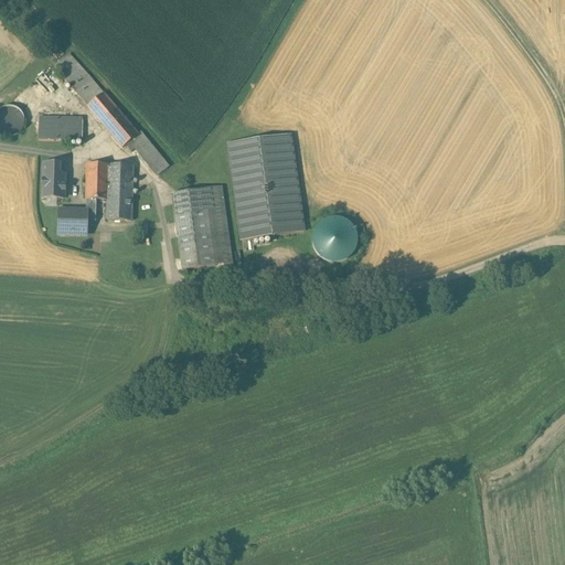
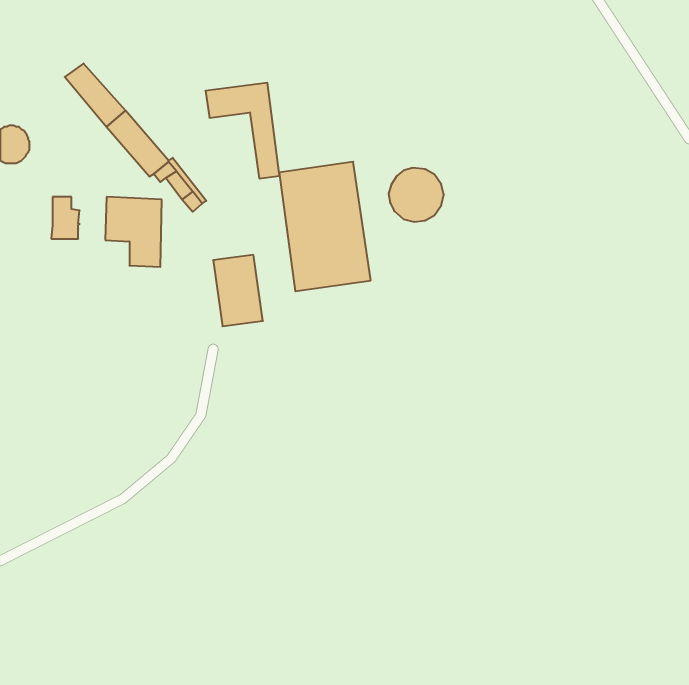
building: [38,115,83,138] -> none
building: [171,184,232,263] -> [205,83,280,178]
building: [58,203,96,233] -> none
building: [311,215,356,259] -> [389,168,444,222]

